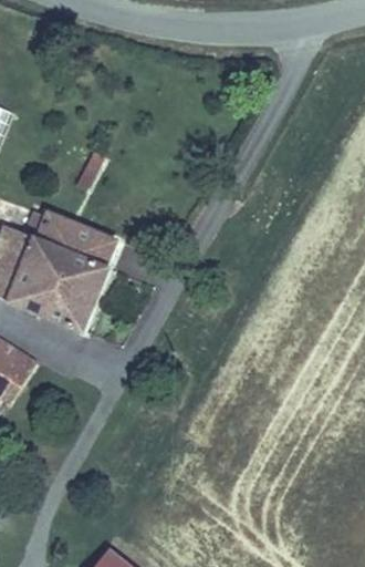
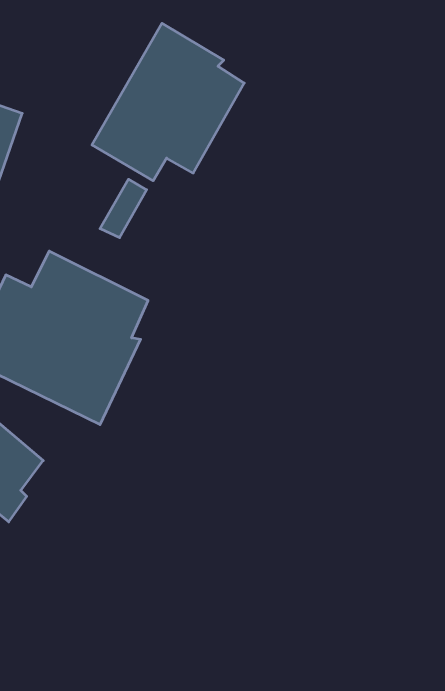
building: none -> [92,23,244,181]

